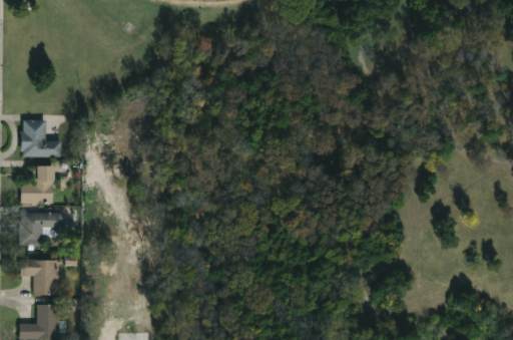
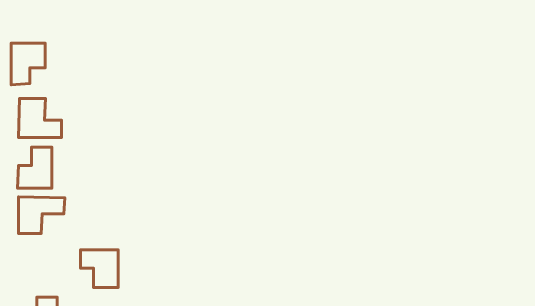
building: none -> [11,43,45,85]
building: [21,259,56,294] -> [81,250,118,288]

